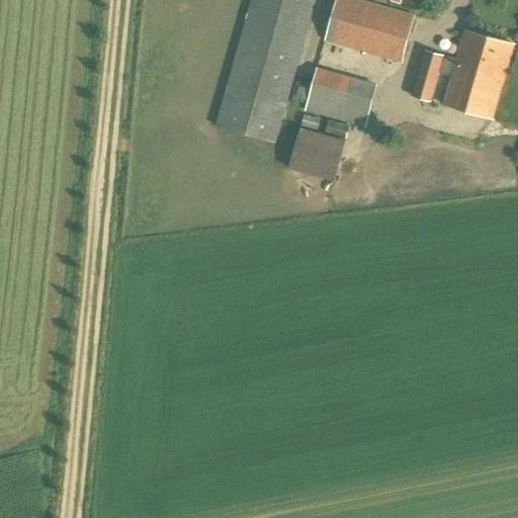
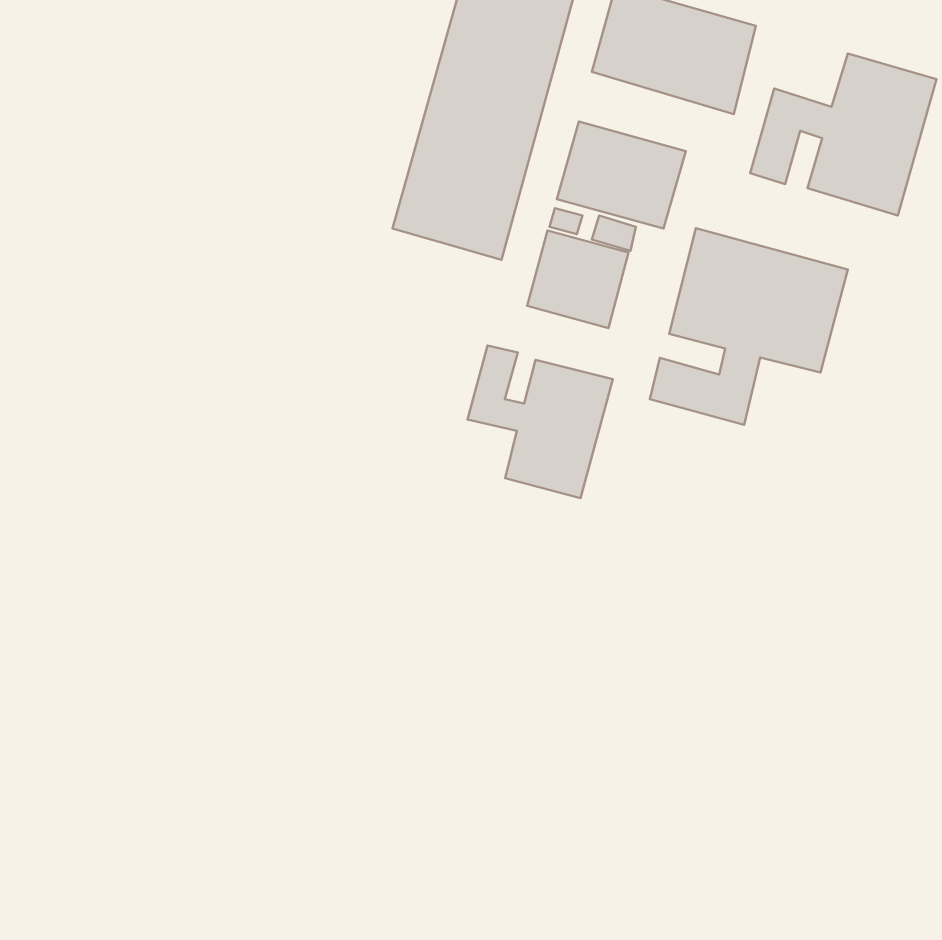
building: none -> [650,228,848,425]
building: none -> [467,345,613,498]

